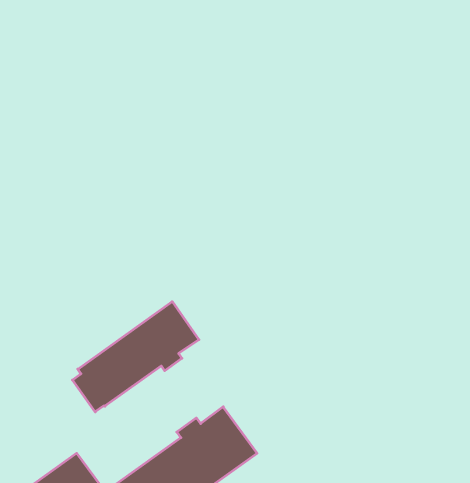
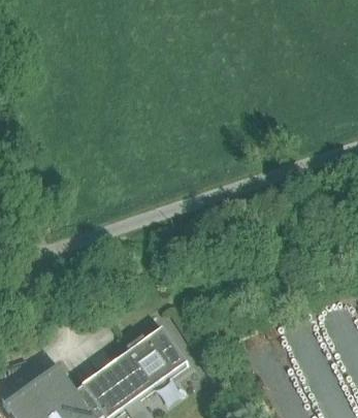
building: [72,302,199,412] -> none

